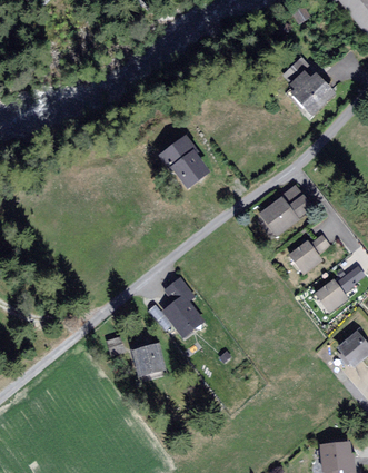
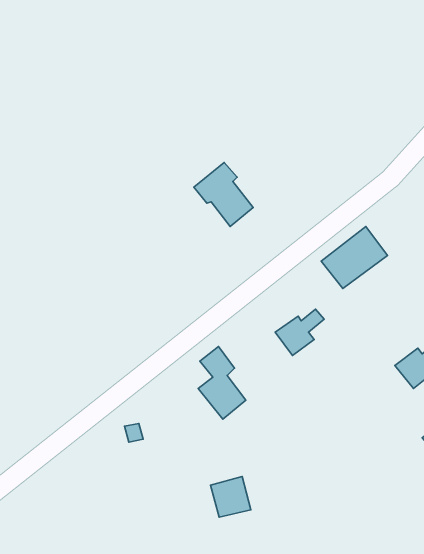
building: [292,72,334,112] -> none
building: [290,236,328,272] -> [275,309,324,355]
building: [133,345,165,376] -> [210,477,251,517]

